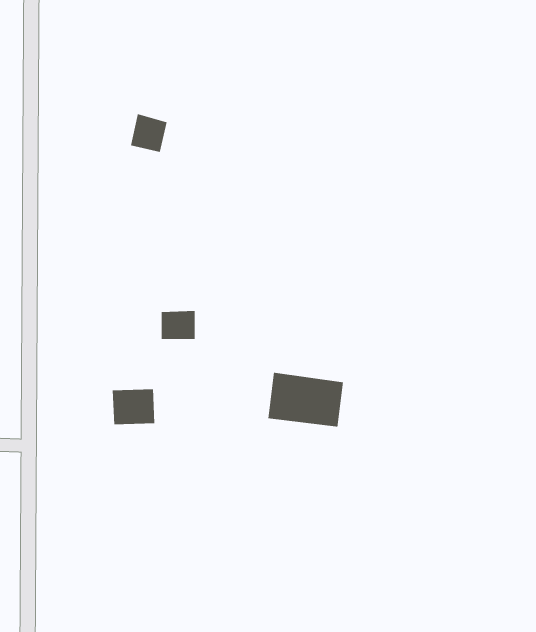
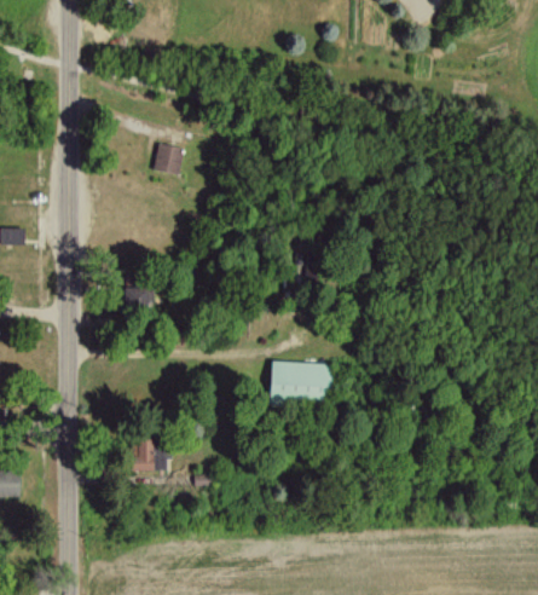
building: [161,311,195,339] -> [122,287,151,311]
building: [112,389,155,425] -> [131,440,167,470]

